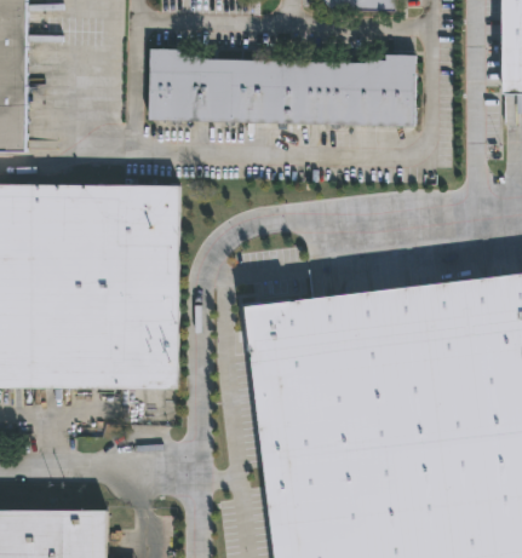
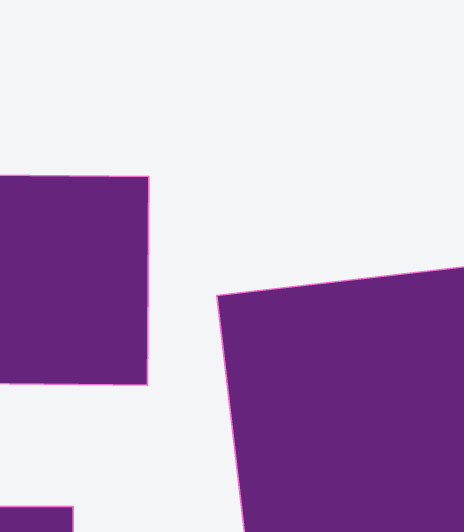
building: [148,51,414,128] -> none

